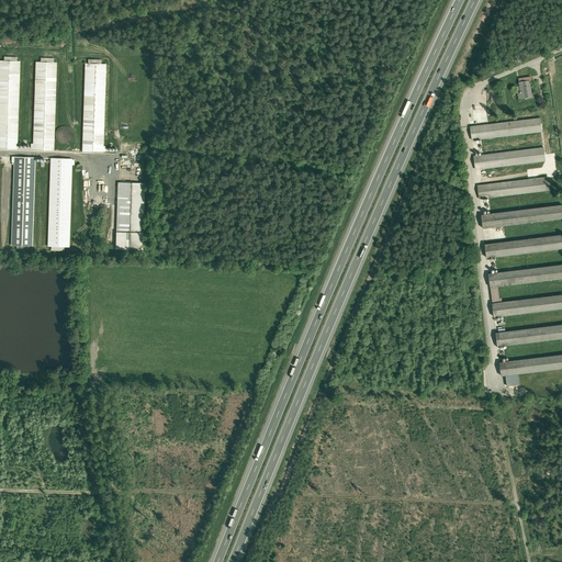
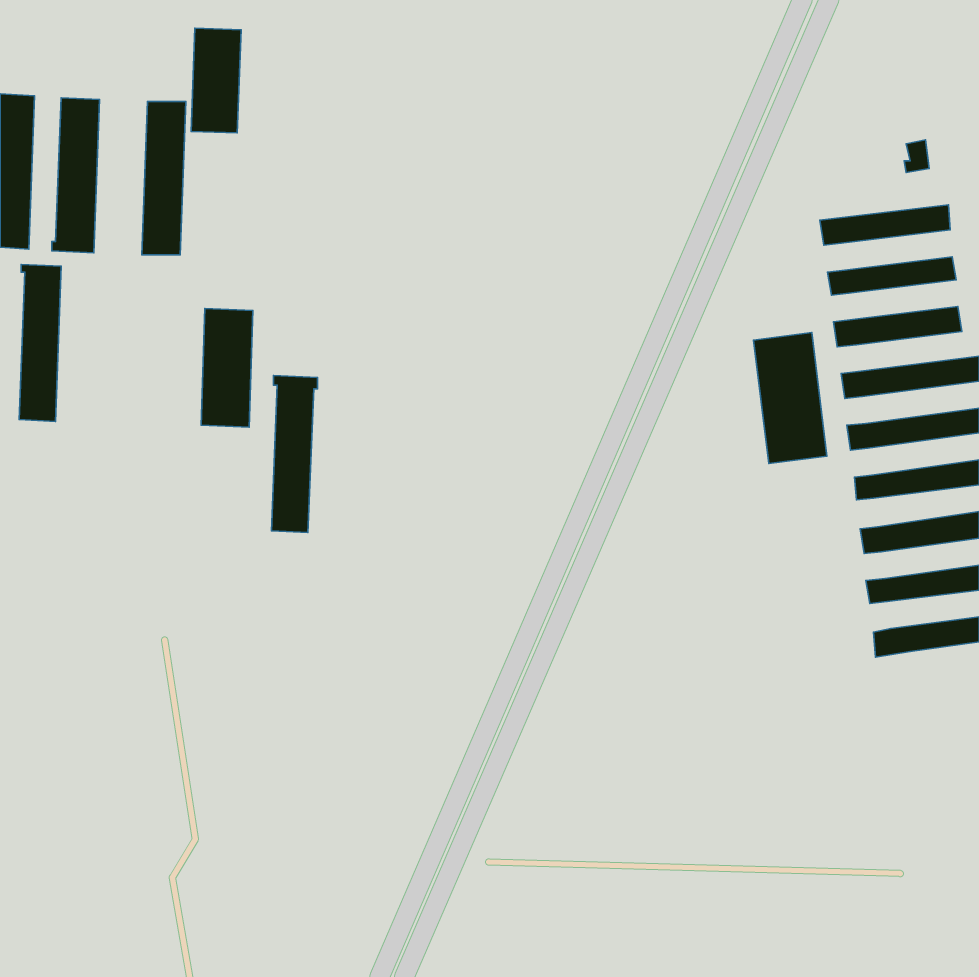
building: none -> [191,28,241,133]
building: [47,153,74,243] -> [272,376,318,533]
building: none -> [754,333,827,464]

